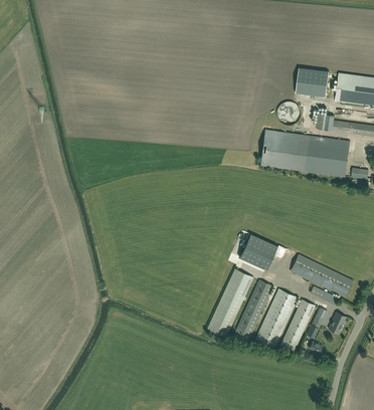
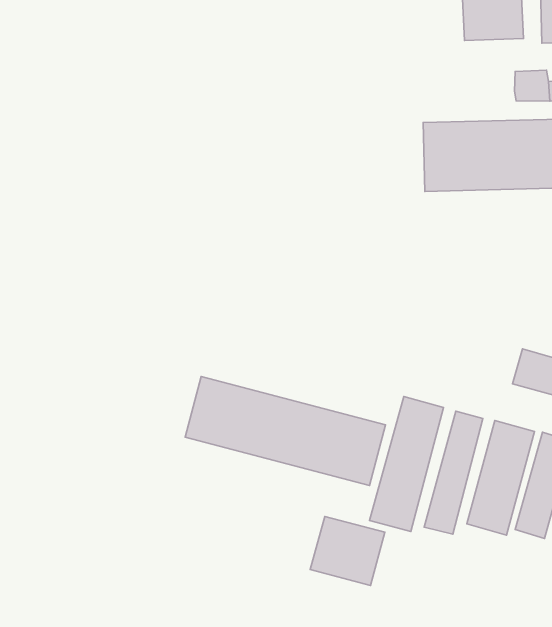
building: [238,232,277,270] -> none
building: none -> [185,377,385,485]
building: none -> [310,517,385,585]

